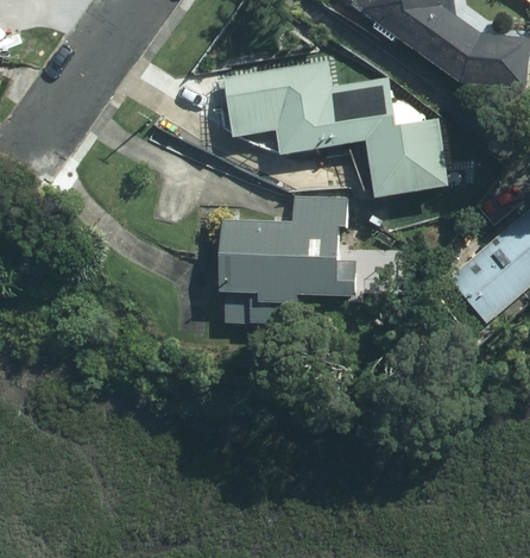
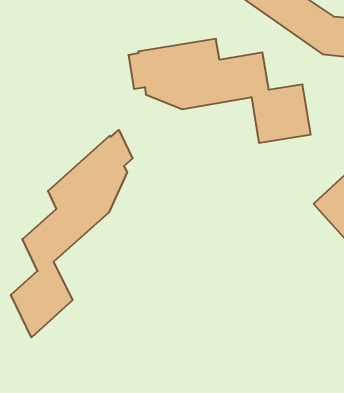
building: none -> [11,130,133,337]
building: [225,195,355,322] -> none

